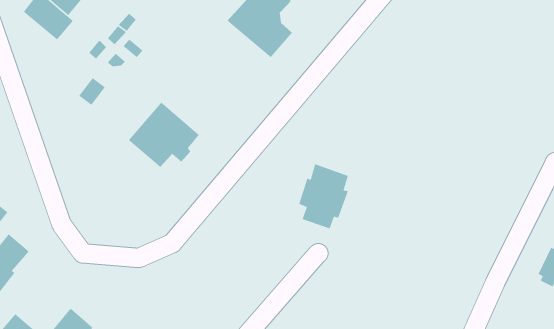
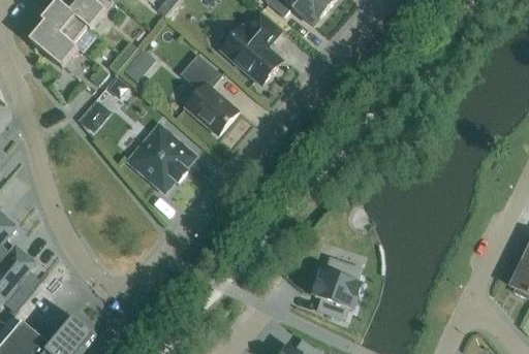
building: none -> [179,54,238,134]
building: [298,163,349,230] -> [313,257,361,319]

